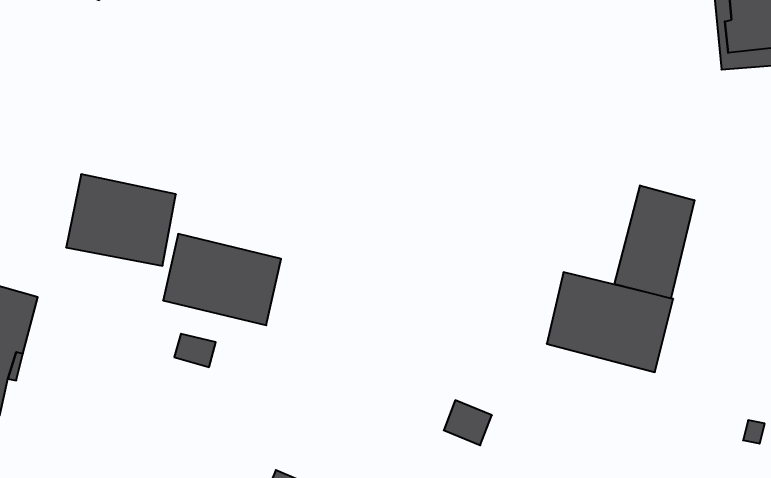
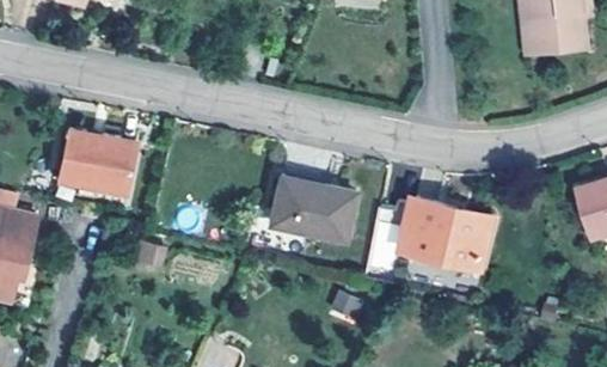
building: [615,185,694,298] -> none
building: [163,234,281,325] -> [270,176,355,241]

